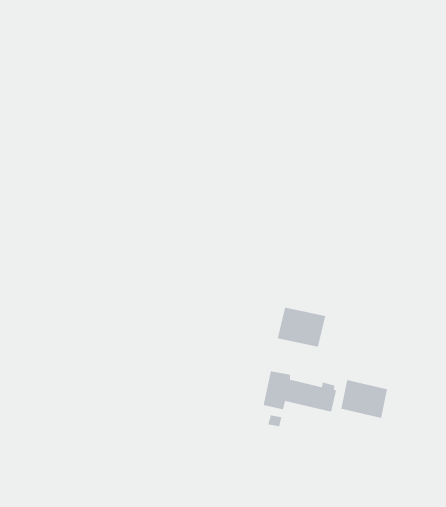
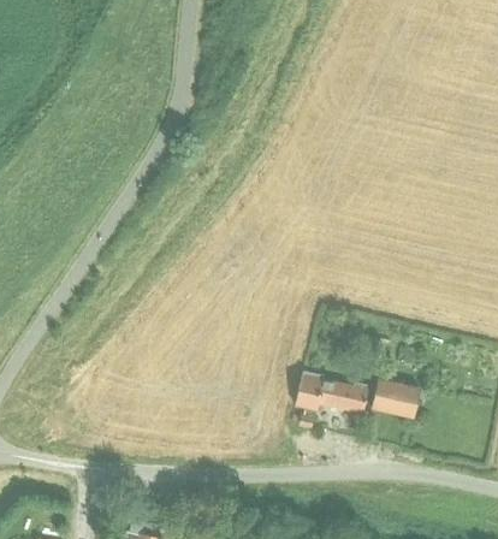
building: [277,307,326,348] -> none

